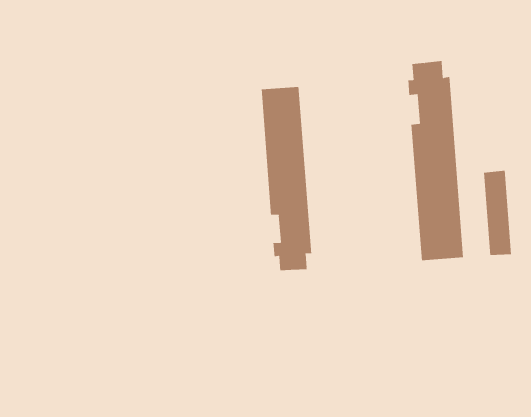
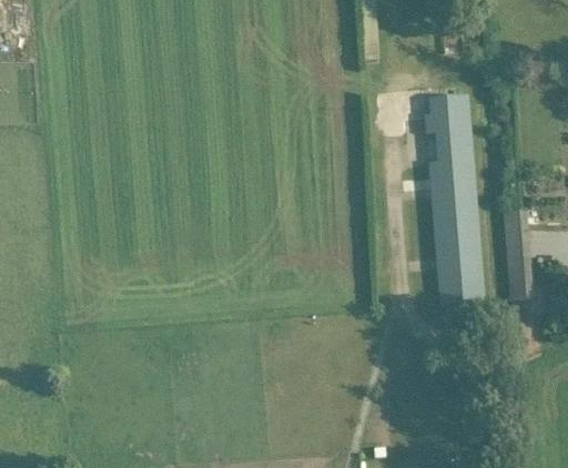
building: [261,86,312,271] -> none

